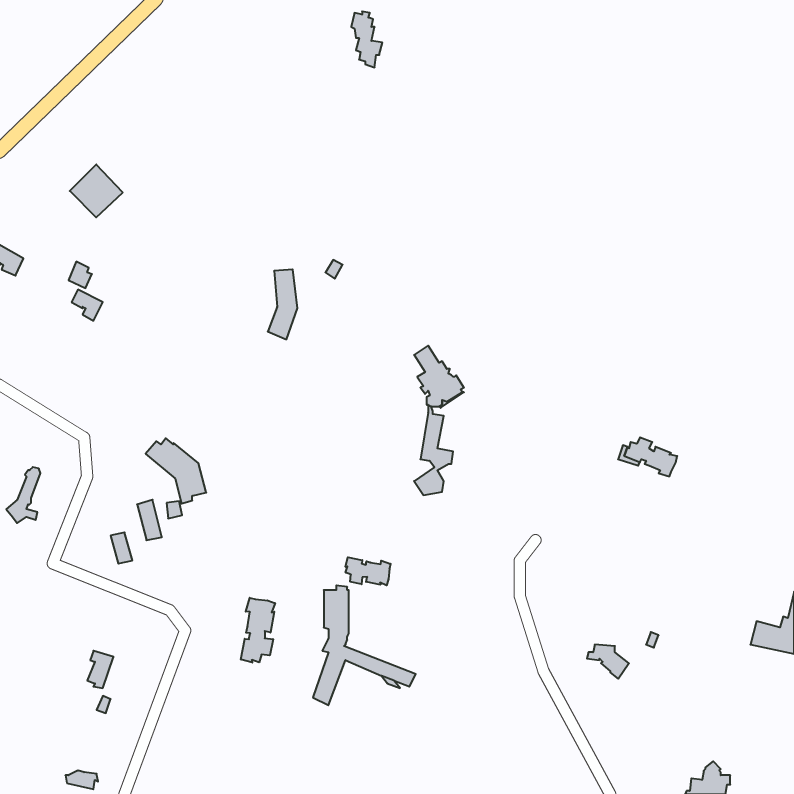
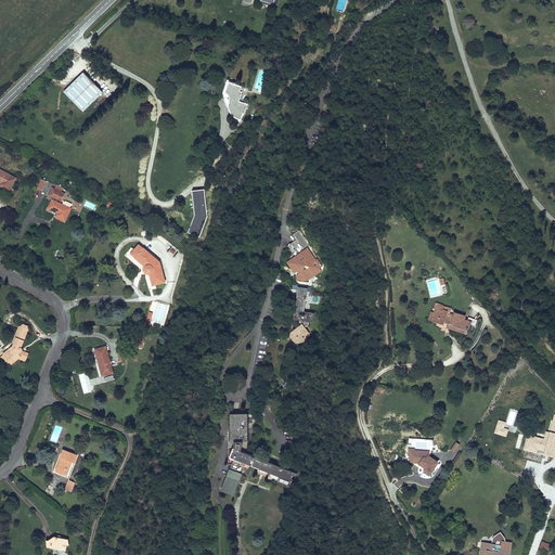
building: [351,11,382,67] -> [224,83,246,122]
building: [70,164,123,217] -> [63,73,100,109]
building: [146,438,206,504] -> [124,246,166,292]
building: [346,557,391,585] -> none
building: [241,598,275,663] -> none

